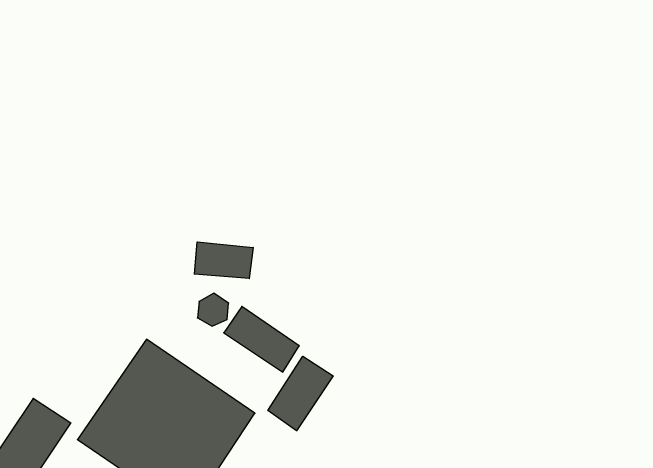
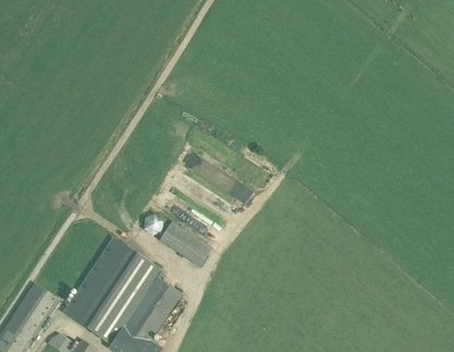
building: [194,242,253,279] -> none
building: [268,356,333,431] -> none

